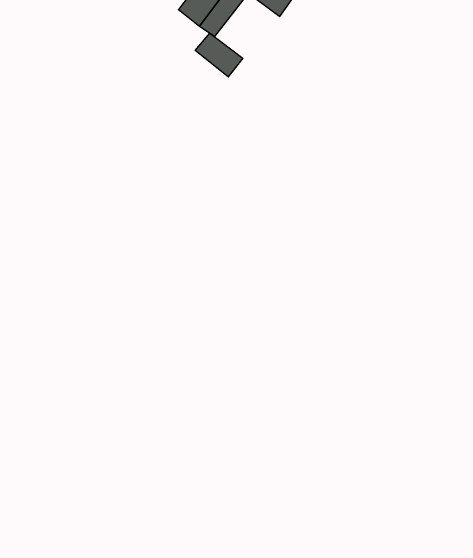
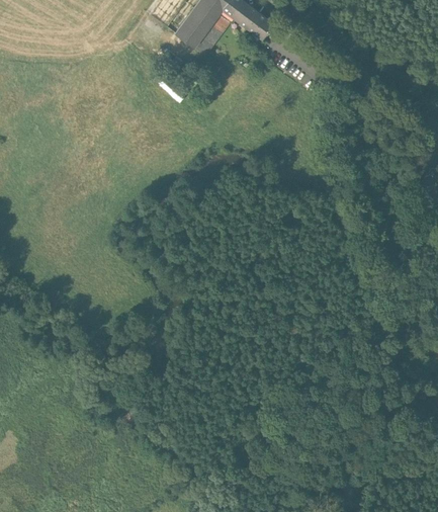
building: [195,33,243,77] -> none

